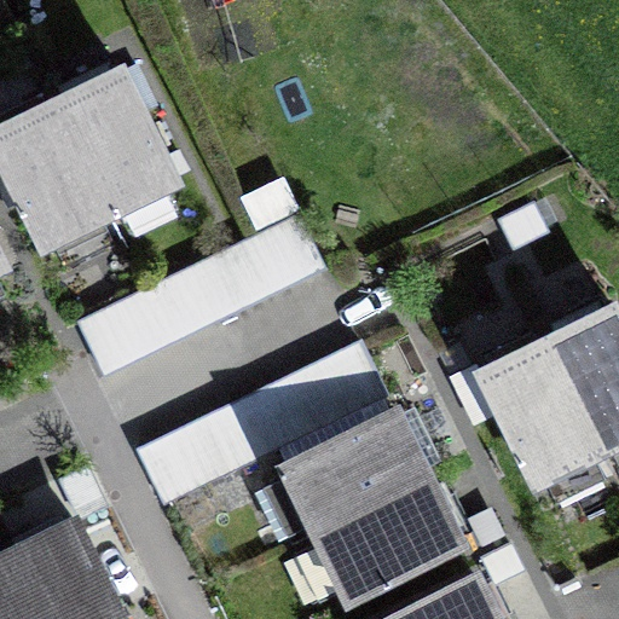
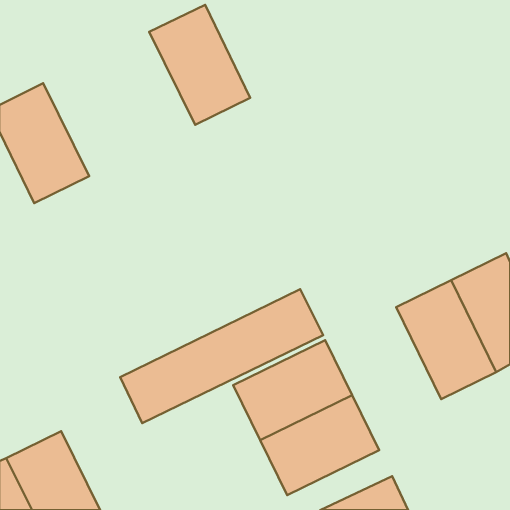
building: [52,68,174,213] -> [149,5,250,125]
building: [80,219,323,375] -> none

